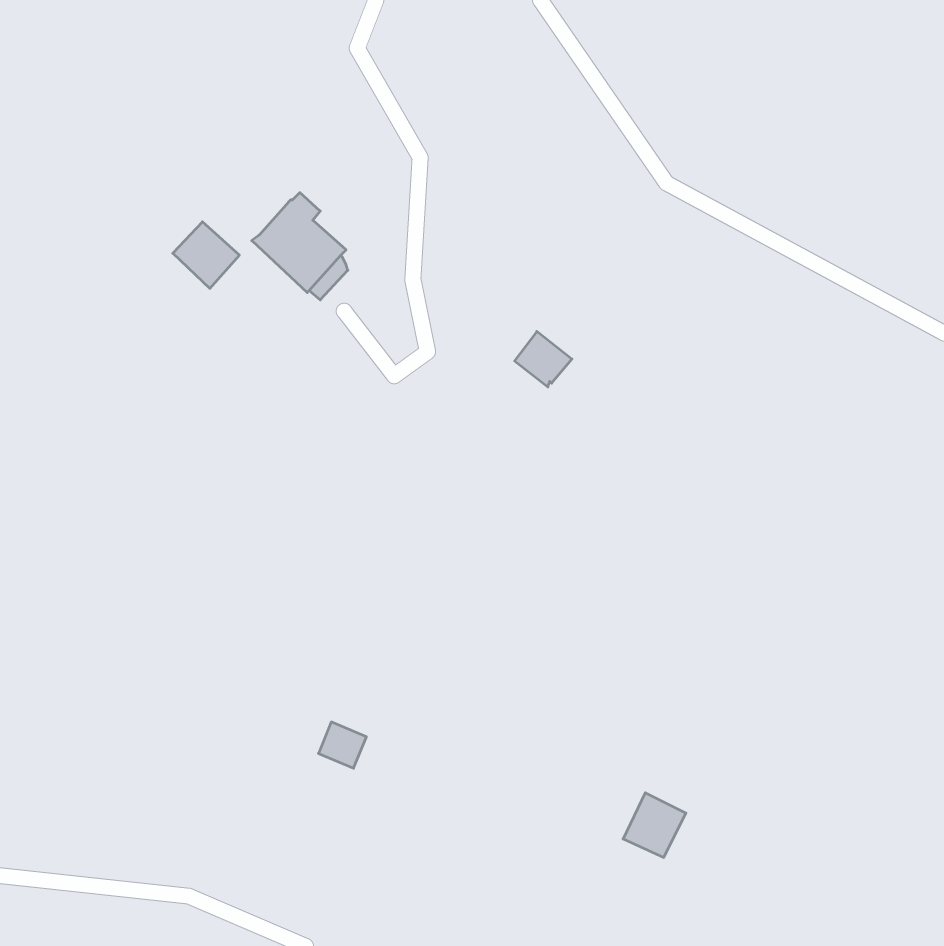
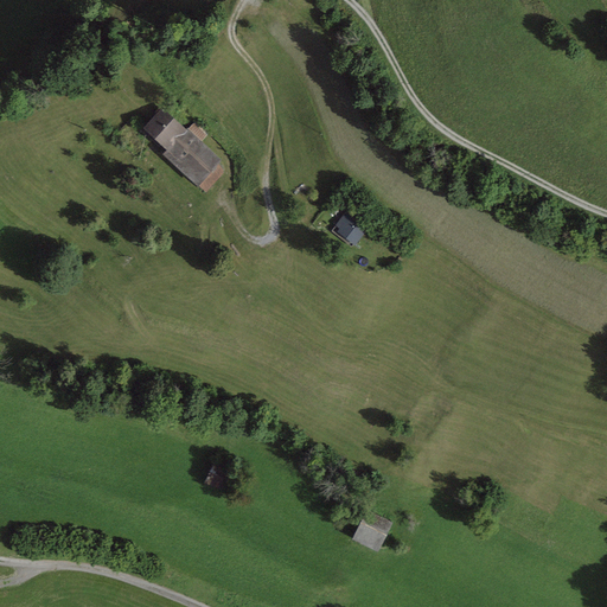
building: [173,222,239,288] -> [142,108,185,151]
building: [623,793,686,857] -> [352,510,392,551]

